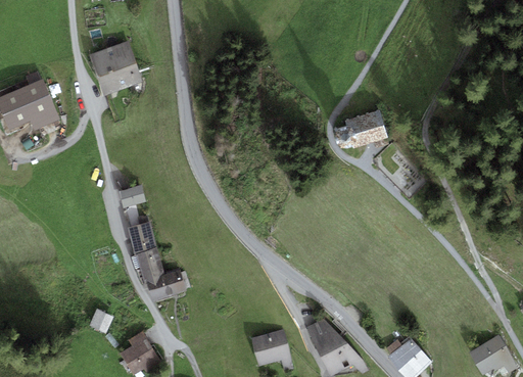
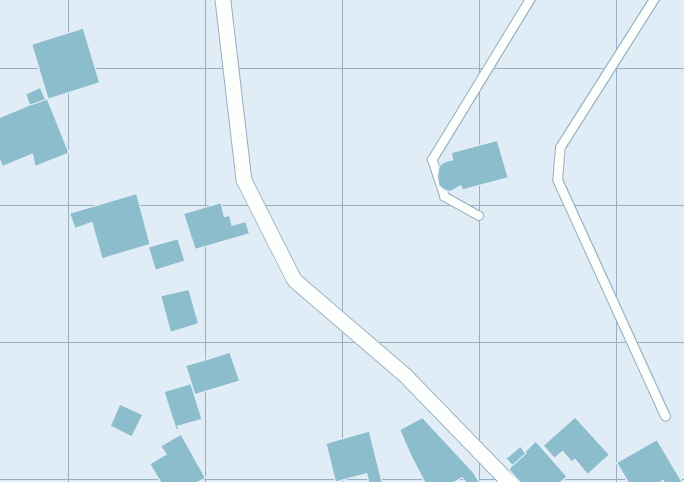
building: [90,41,141,94] -> [32,28,100,99]
building: none -> [70,194,150,259]
building: none -> [184,202,249,250]
building: [136,247,164,282] -> [164,384,202,430]
building: none -> [543,417,609,474]

